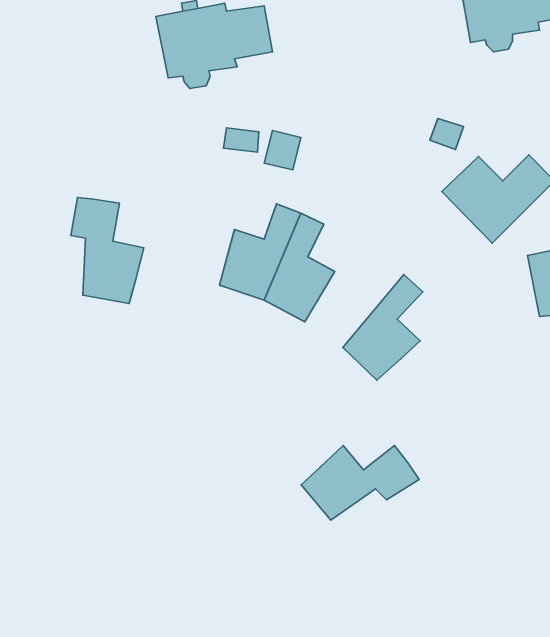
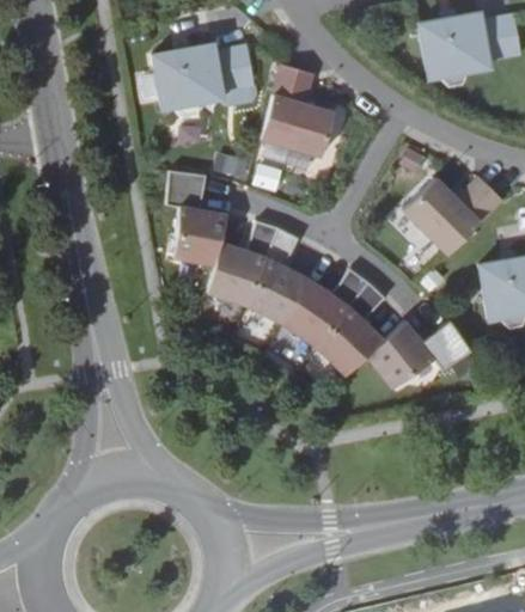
building: none -> [261,65,334,155]
building: [71,198,144,303] -> [163,171,227,264]
building: none -> [282,269,370,347]
building: [301,446,419,520] -> [367,322,471,387]

